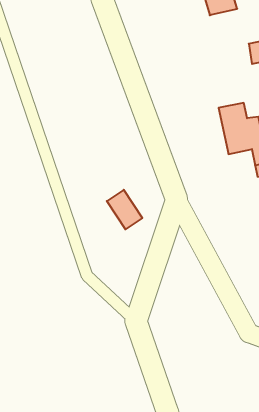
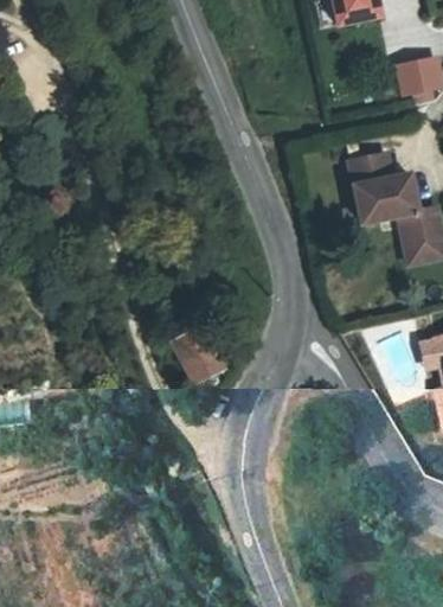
building: [107,190,142,229] -> [169,327,222,385]

